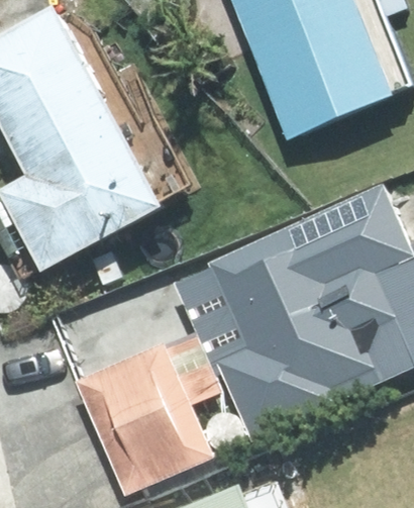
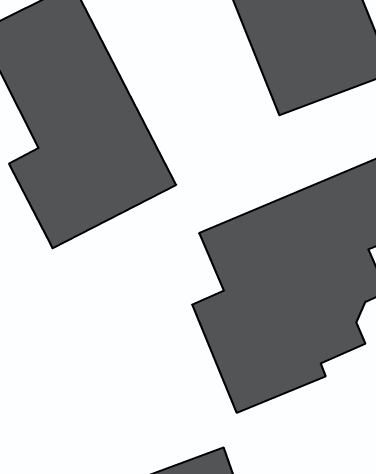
building: [81,340,223,497] -> none

